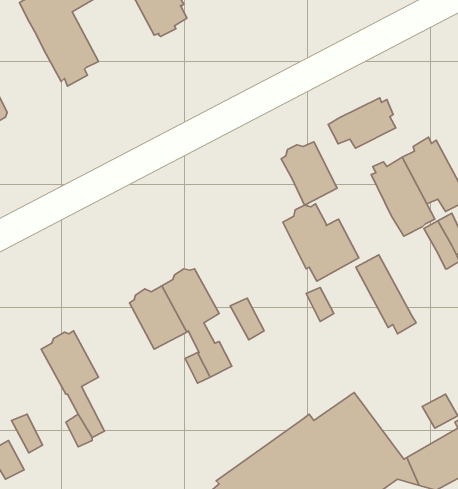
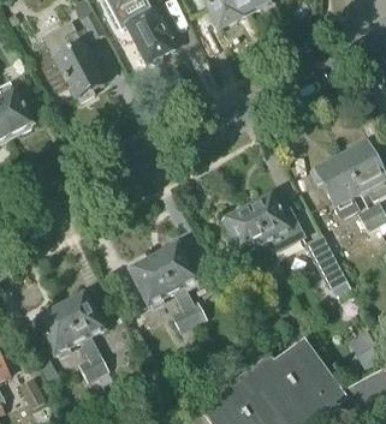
building: [328,98,396,148] -> none
building: [281,142,337,205] -> [222,207,266,256]
building: none -> [35,305,79,354]

